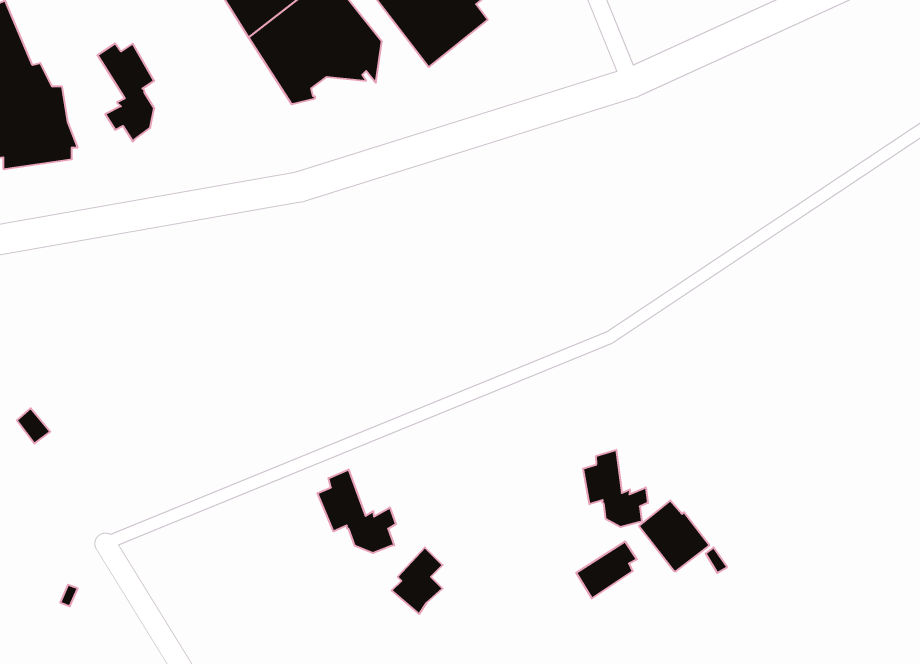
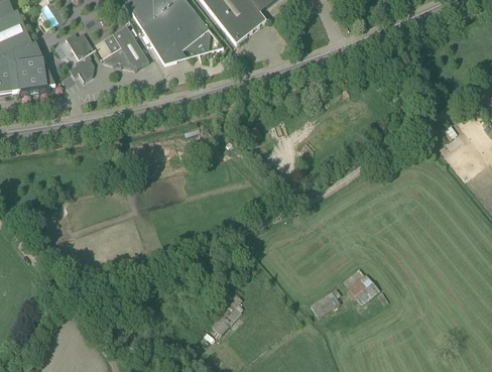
building: none -> [100,25,148,70]
building: [583,450,648,527] -> none
building: [318,469,396,553] -> none

